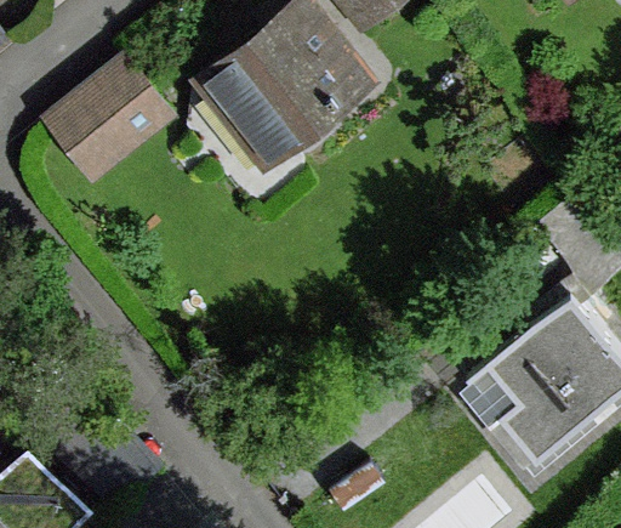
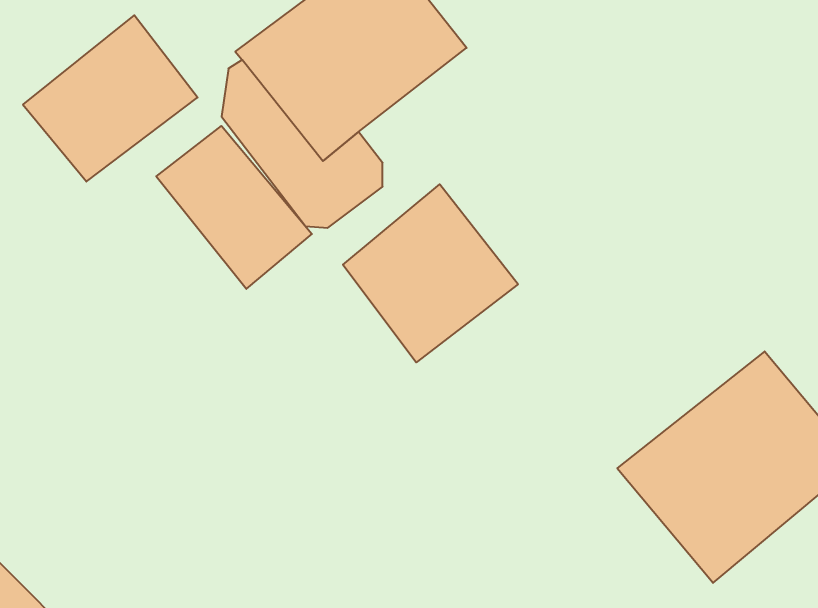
building: none -> [156,126,312,289]
building: none -> [343,184,518,362]

